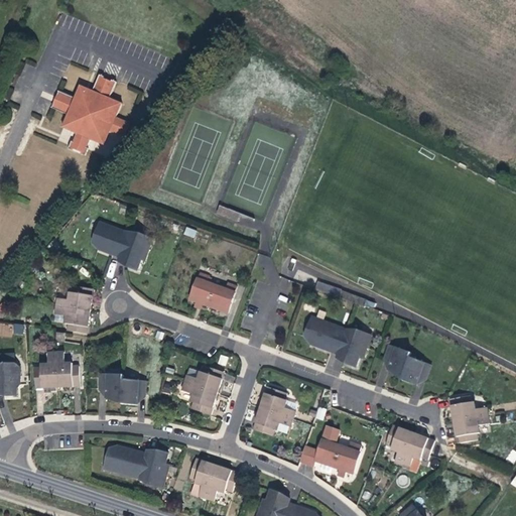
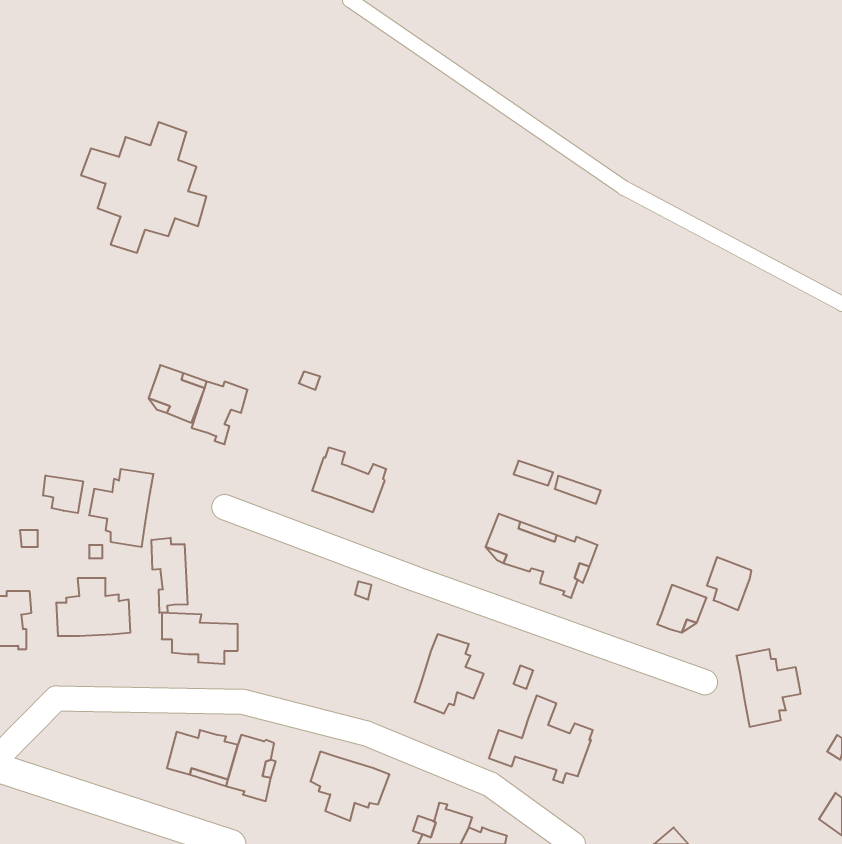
building: none -> [43,475,83,513]
building: none -> [152,538,187,613]
building: [384,344,411,376] -> [707,557,751,610]
building: [181,366,224,415] -> none
building: [384,424,434,469] -> none

